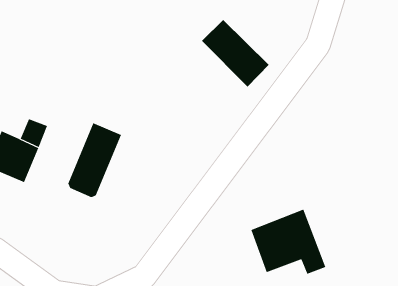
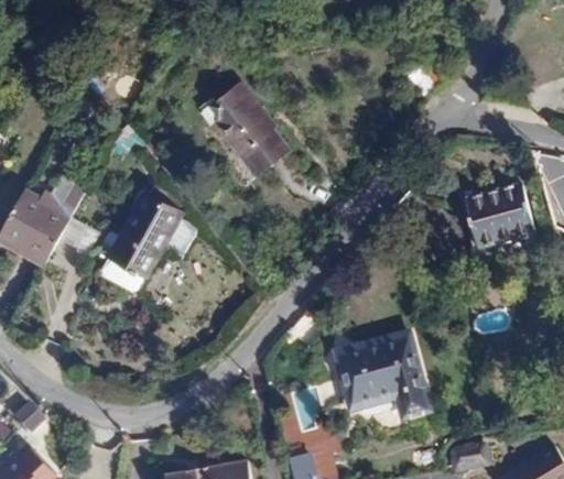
building: [201,19,269,87] -> [204,84,290,176]
building: none -> [464,185,534,249]

